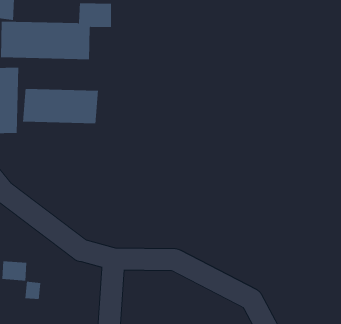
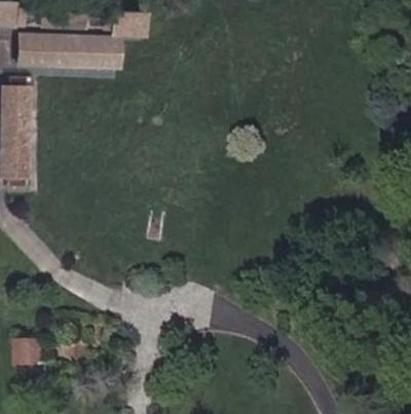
building: [22,88,98,124] -> none

